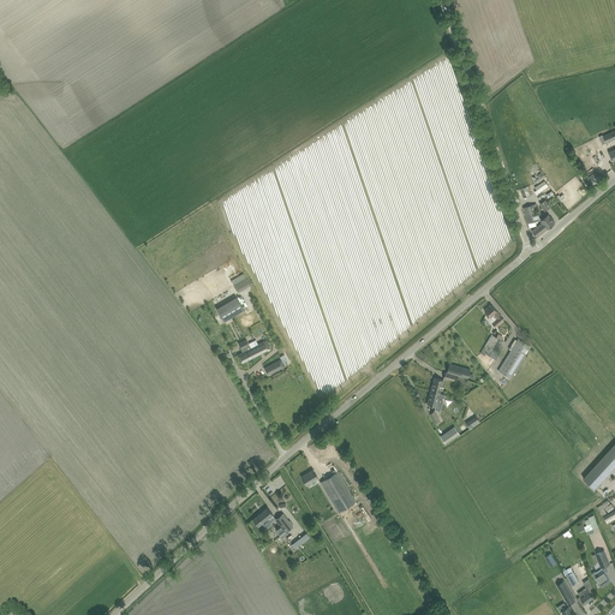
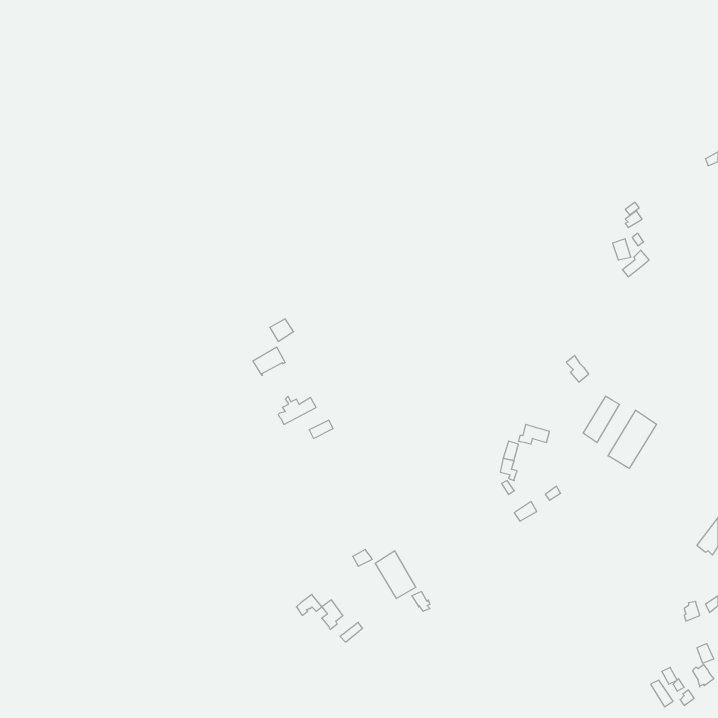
building: none -> [608,410,657,468]

